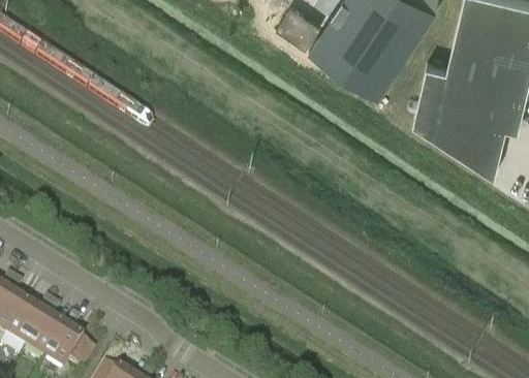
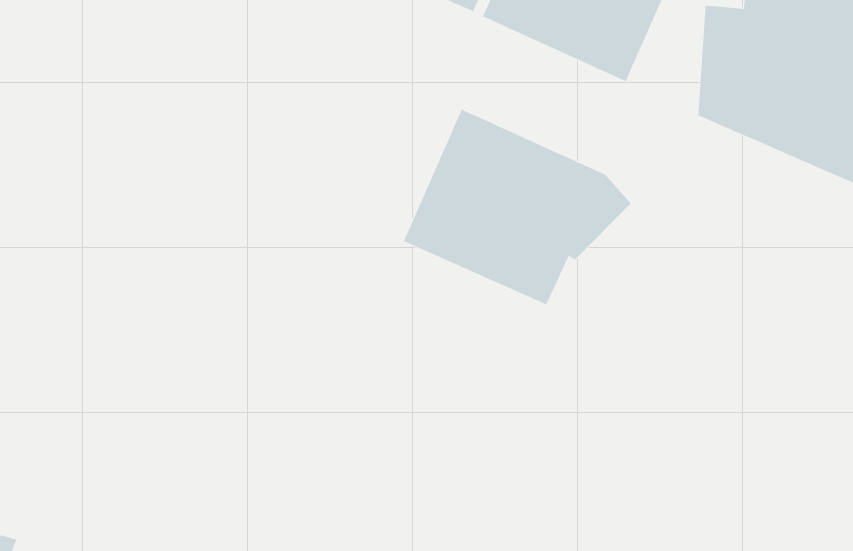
building: none -> [403,109,632,305]

